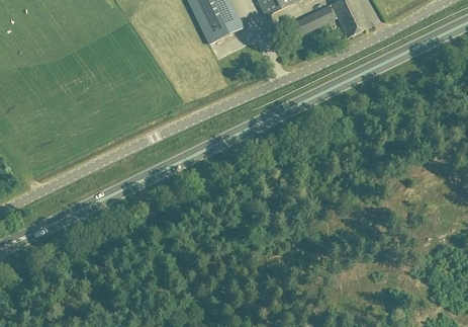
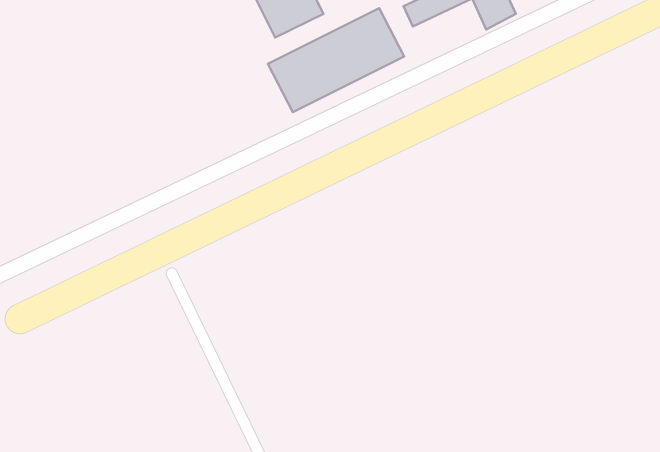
building: none -> [268,8,404,112]

